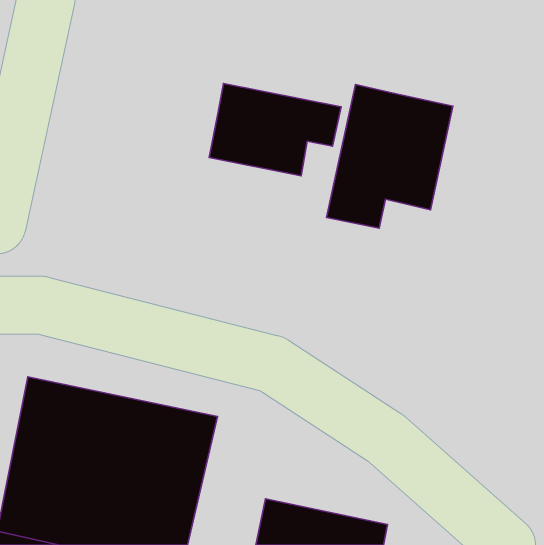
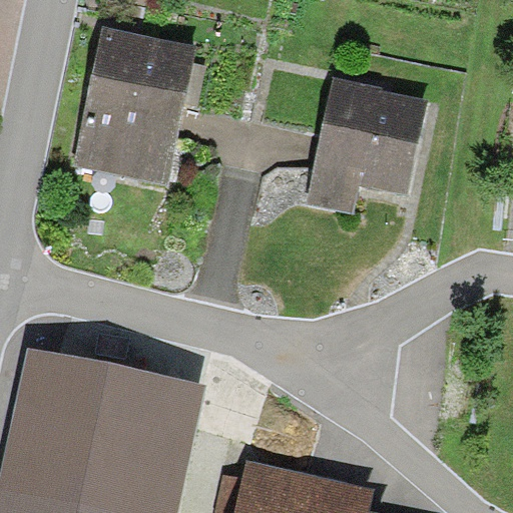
building: none -> [75,29,191,183]
building: [209,84,341,176] -> none

